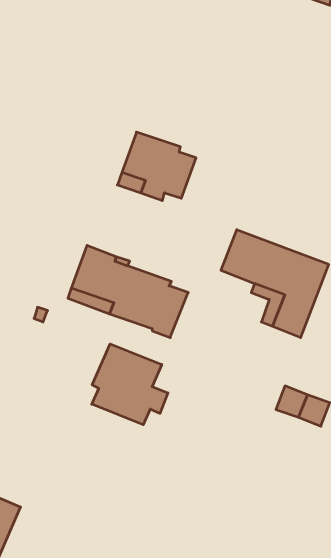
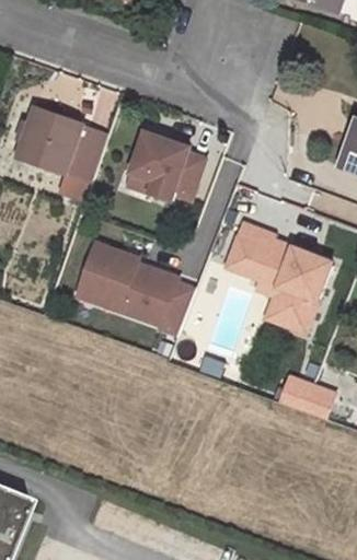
building: none -> [18,107,106,198]
building: [92,344,168,425] -> none

